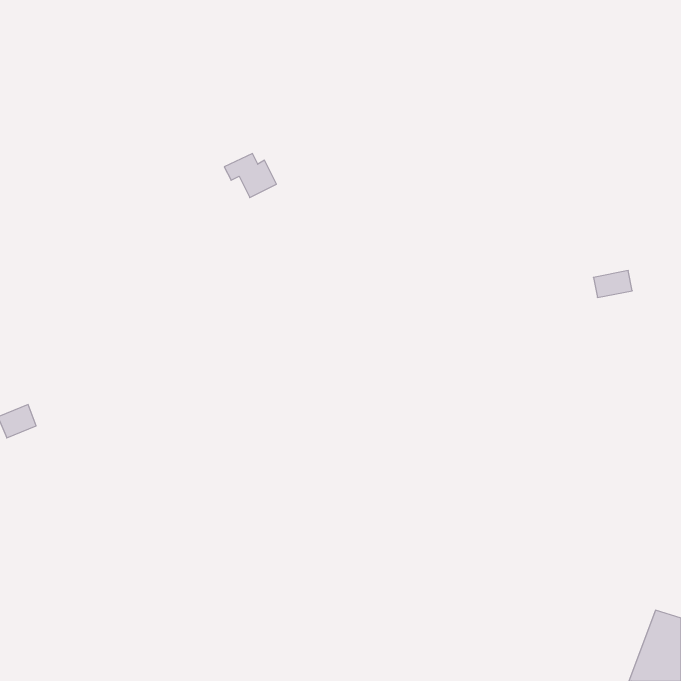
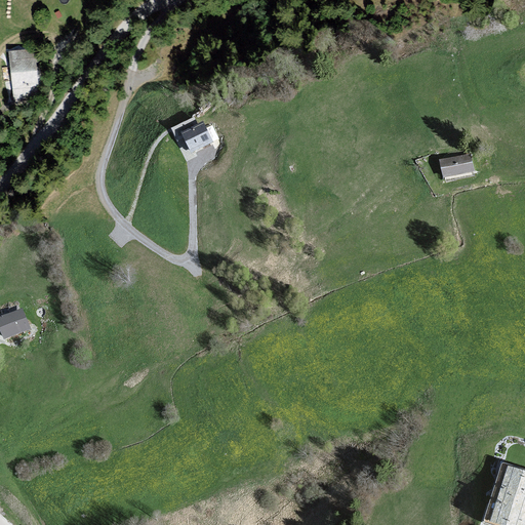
building: none -> [10,49,37,98]
building: [593,271,632,297] -> [442,156,472,176]

